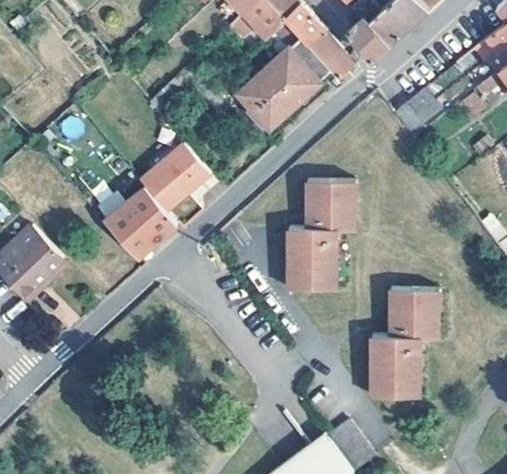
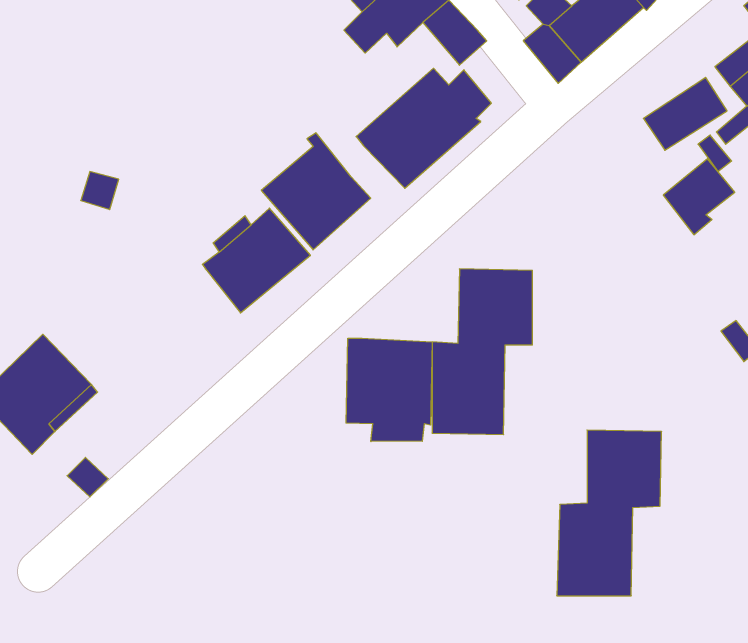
building: [306,31,351,86] -> none
building: [393,89,440,139] -> [663,159,735,235]
building: [103,181,175,258] -> [261,133,371,250]
building: none -> [346,338,432,442]

